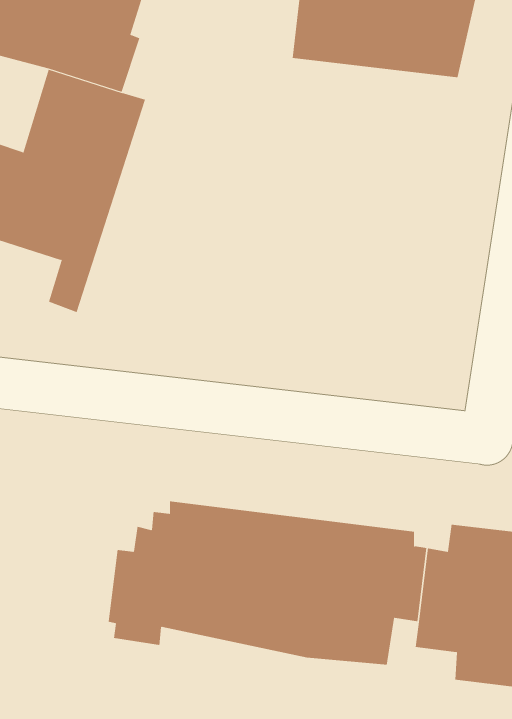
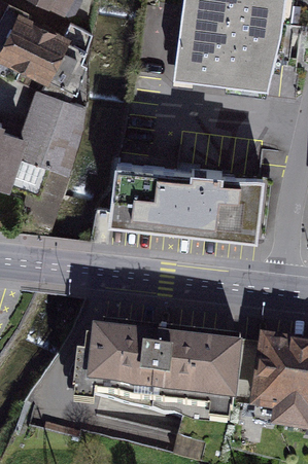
building: none -> [110,157,264,236]

